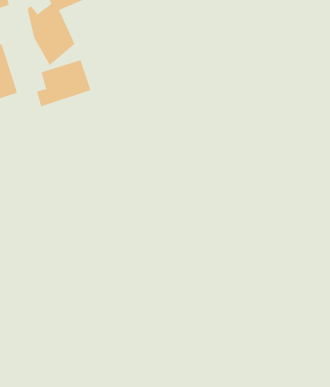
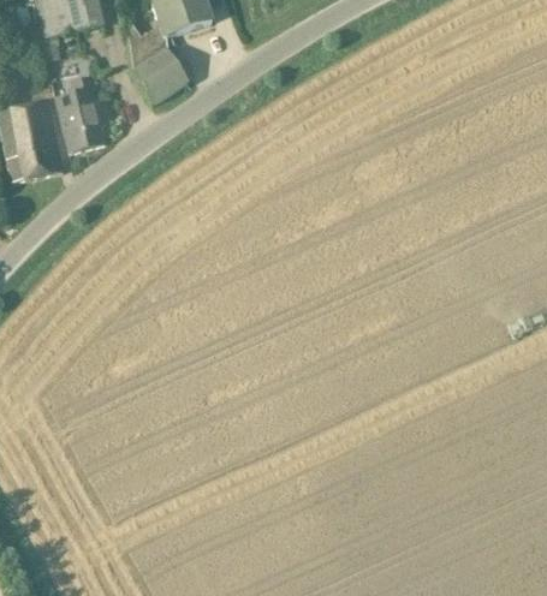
building: [37,59,91,107] -> none

